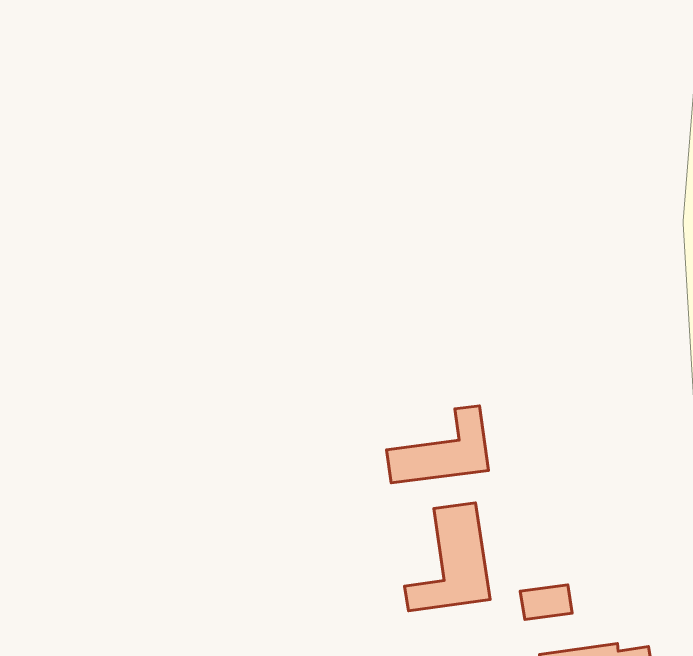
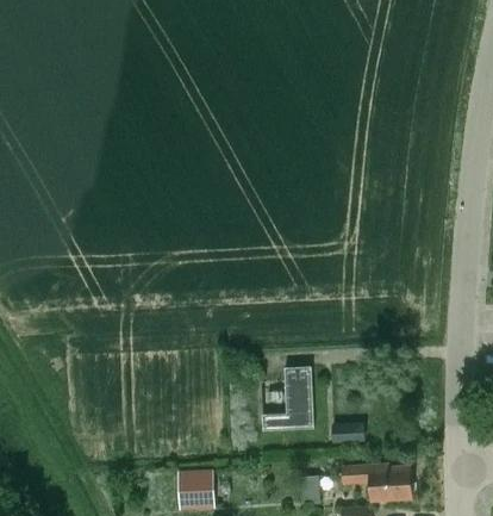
building: [387,406,489,483] -> none

